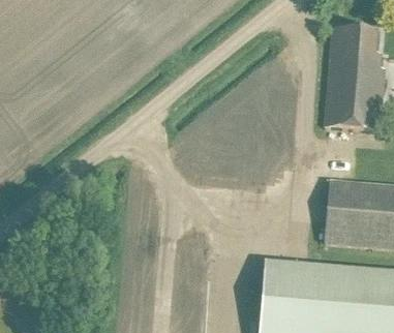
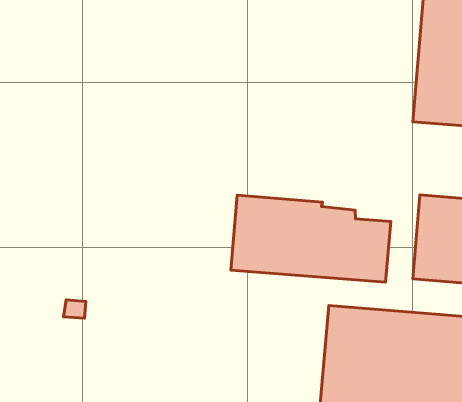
building: none -> [231,195,391,282]

